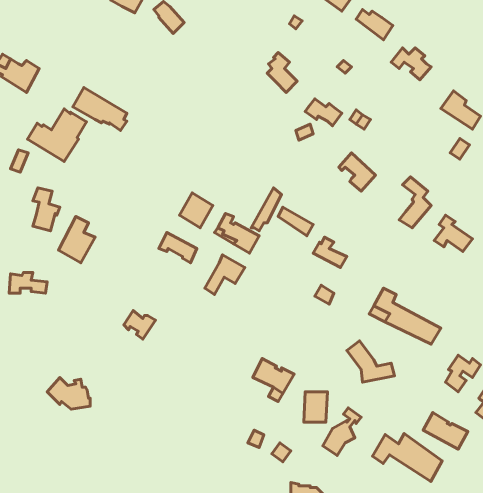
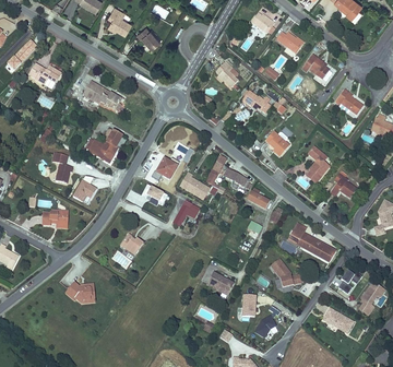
building: [28,109,87,162] -> [84,128,124,164]
building: [372,434,442,481] -> none

